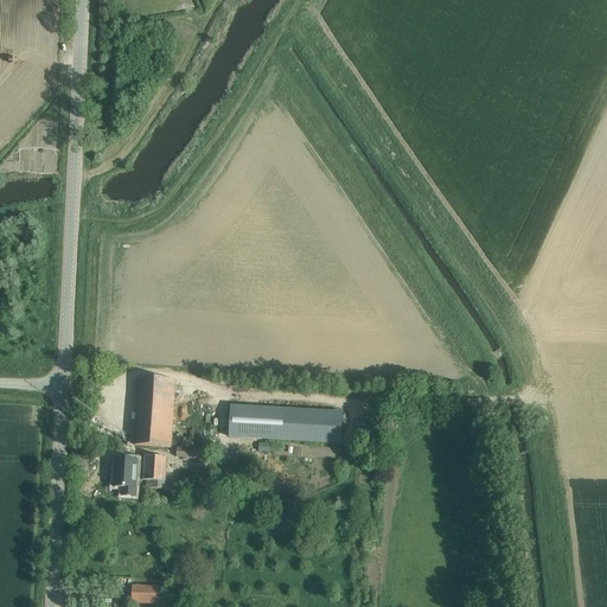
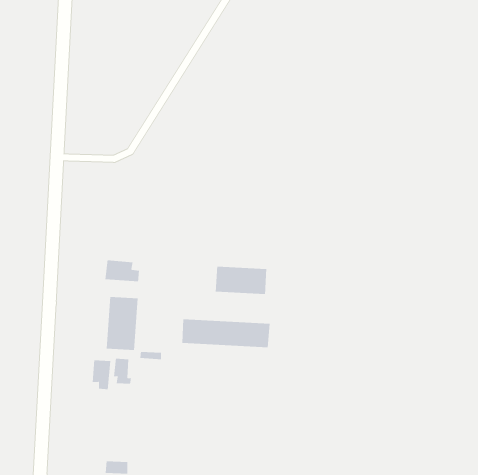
building: none -> [105,260,139,282]
building: none -> [215,266,267,295]

